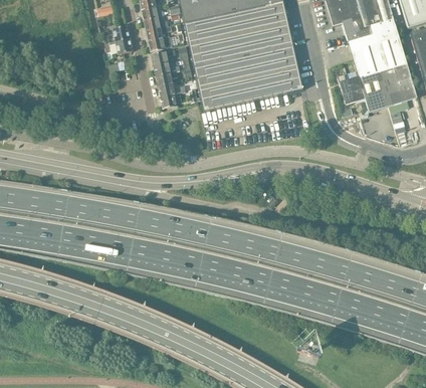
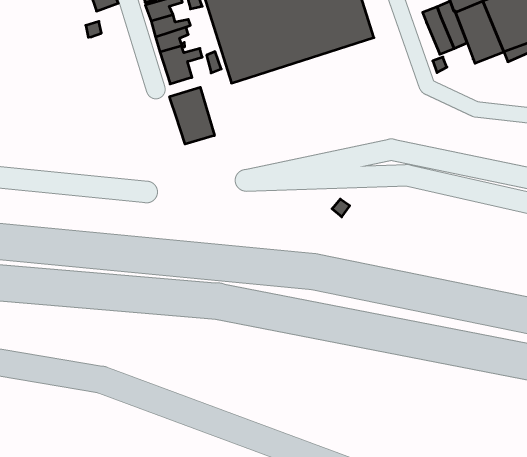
building: none -> [170,87,214,144]

